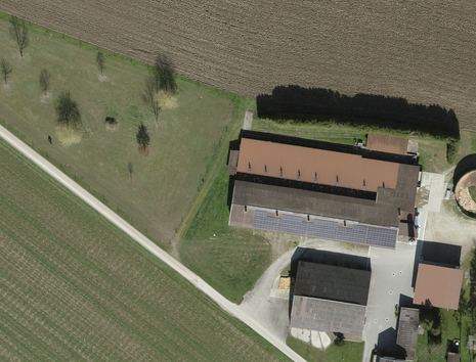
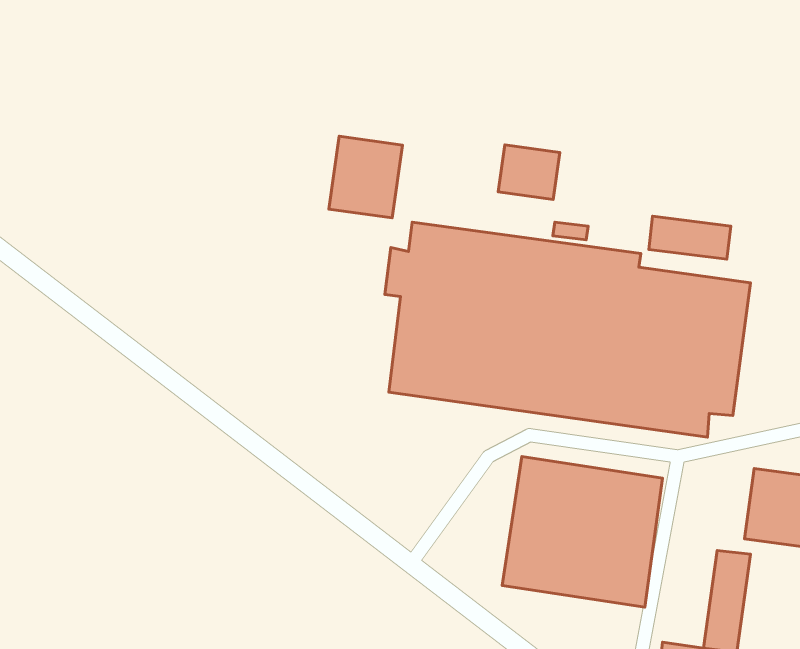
building: none -> [329,136,403,218]
building: none -> [498,145,560,200]

